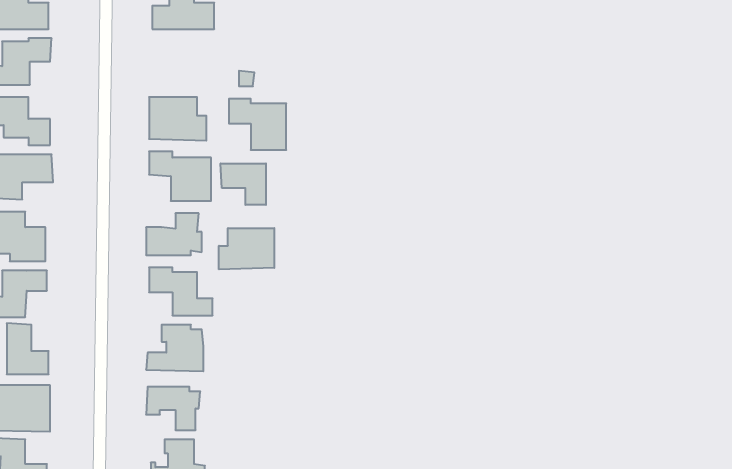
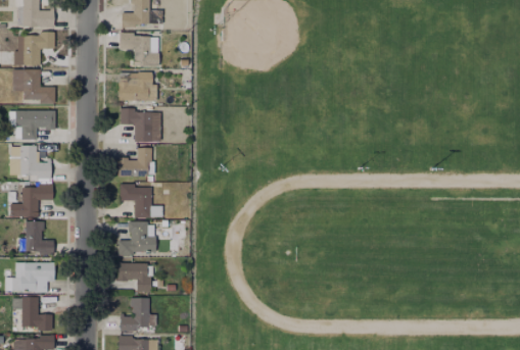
building: [229,99,286,150] -> [120,33,157,66]
building: [221,163,266,205] -> none
building: [219,228,274,269] -> none

